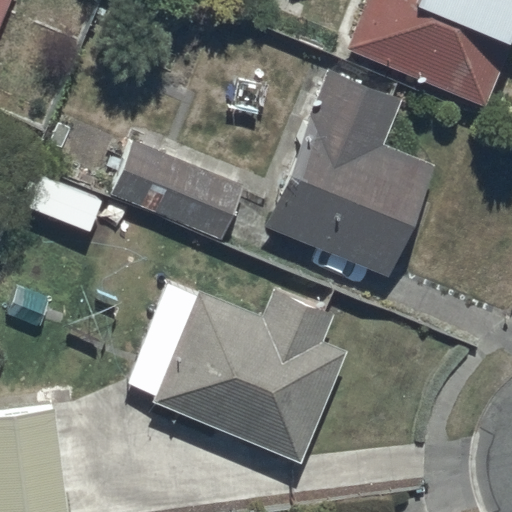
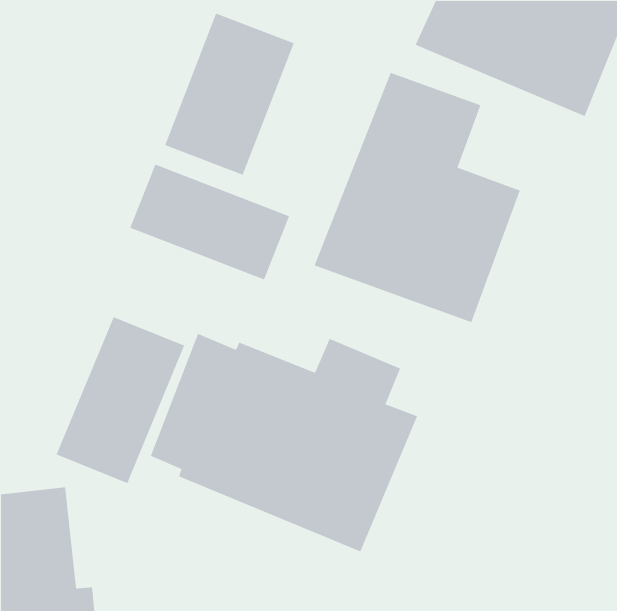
building: none -> [164,13,295,176]
building: none -> [56,316,185,484]

